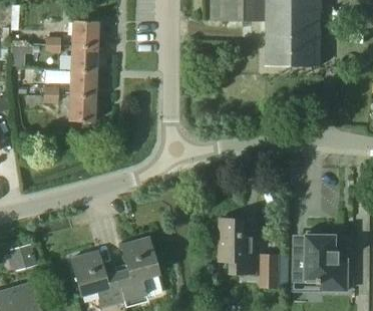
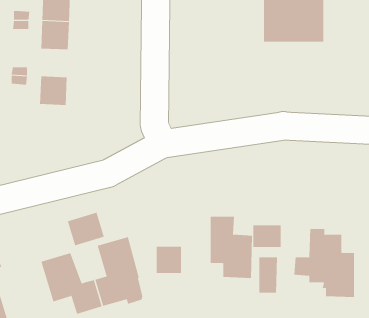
building: [69,71,94,96] -> none
building: none -> [67,212,105,246]
building: none -> [253,224,281,248]
building: none -> [156,246,182,274]

